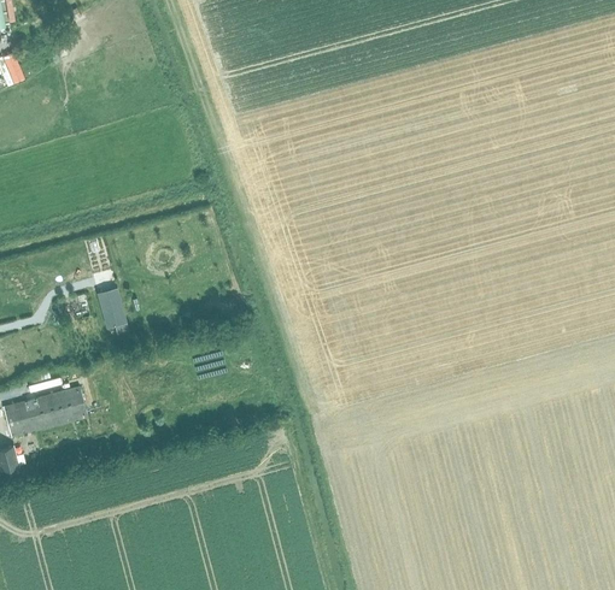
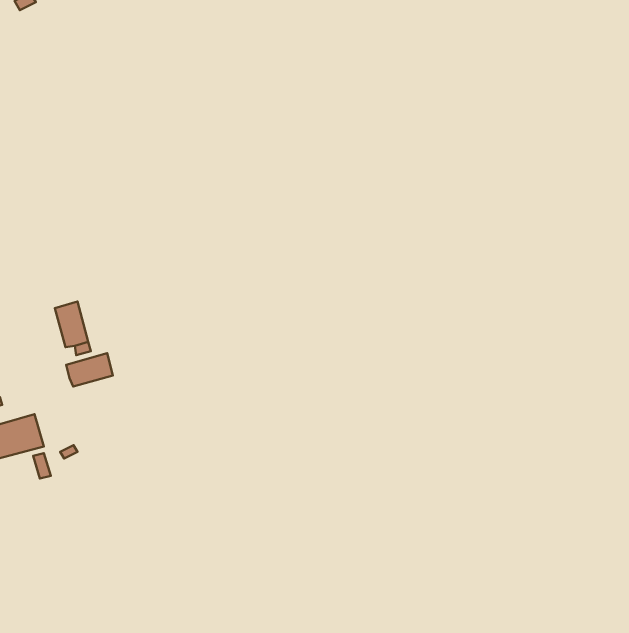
building: none -> [66,353,113,386]

